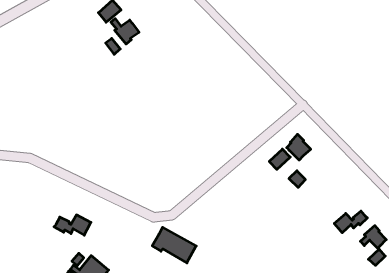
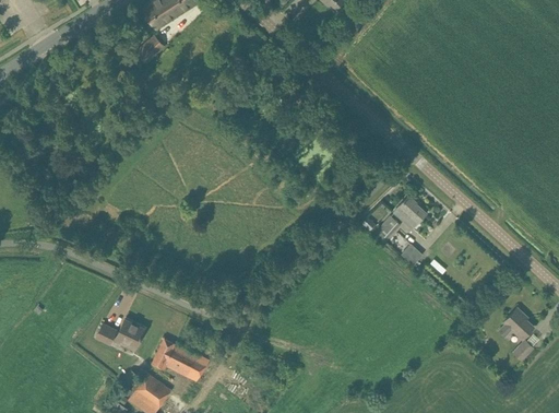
building: [111,19,139,44] -> none
building: [334,211,367,233] -> none
building: [152,227,196,263] -> [151,339,209,384]

